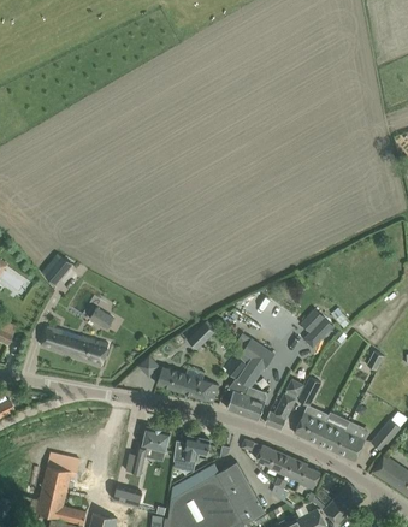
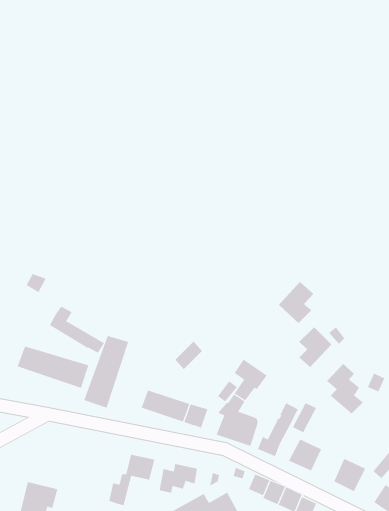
building: none -> [278,281,314,324]
building: none -> [84,335,129,408]
building: none -> [326,363,364,415]
building: [315,422,345,452] -> none

